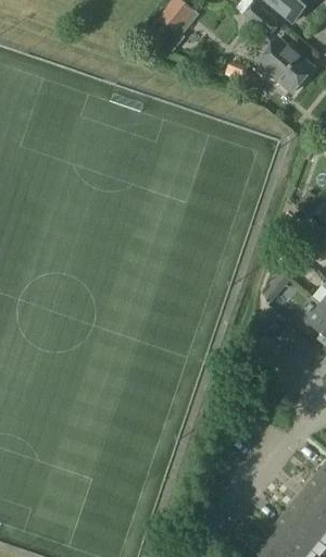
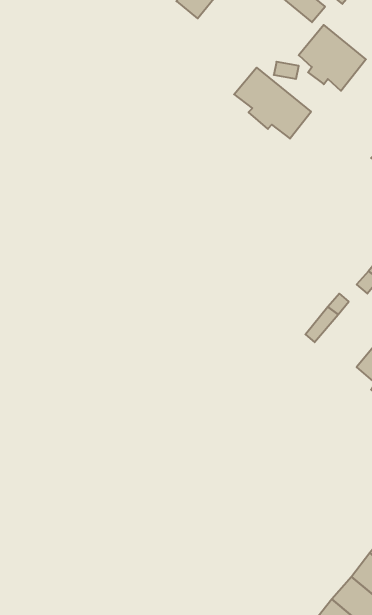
building: none -> [234,68,311,139]

